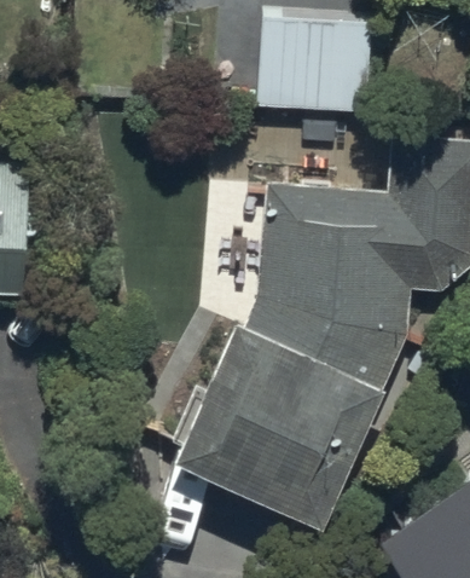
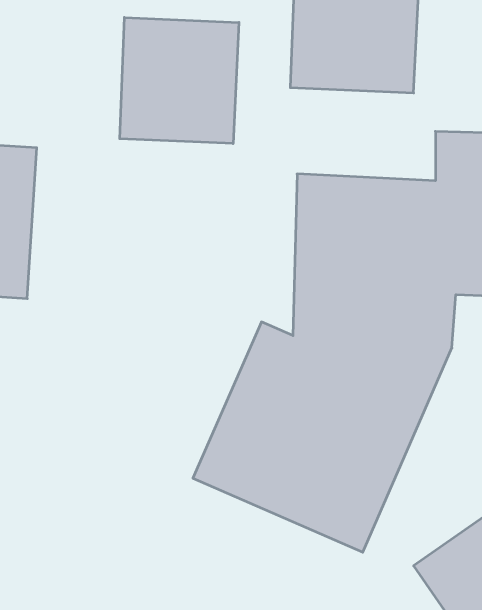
building: none -> [120,17,239,144]

